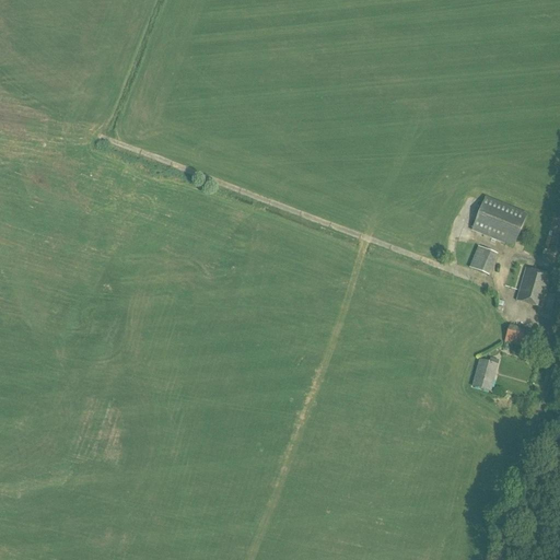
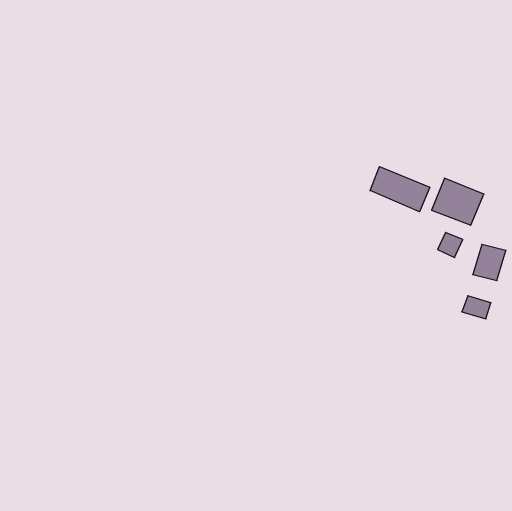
building: none -> [370,167,430,212]
building: [470,355,497,388] -> none

